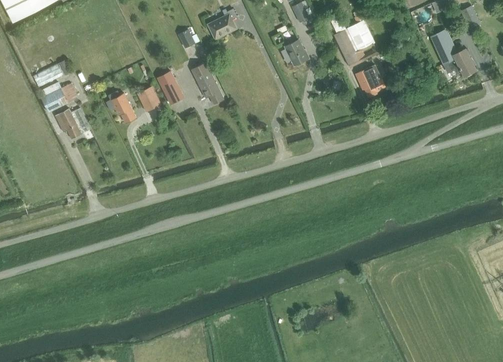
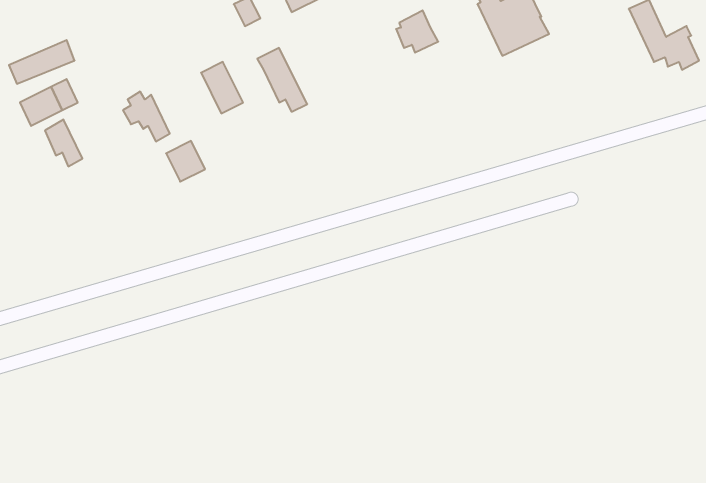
building: [354,64,385,97] -> none
building: [136,86,161,112] -> [166,141,205,182]

